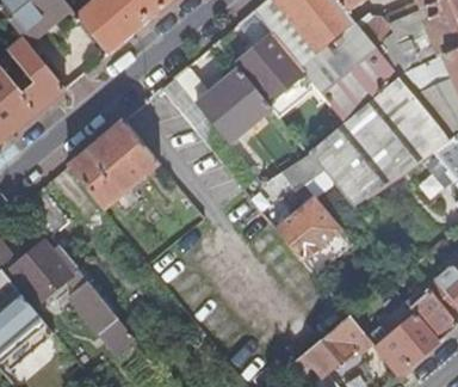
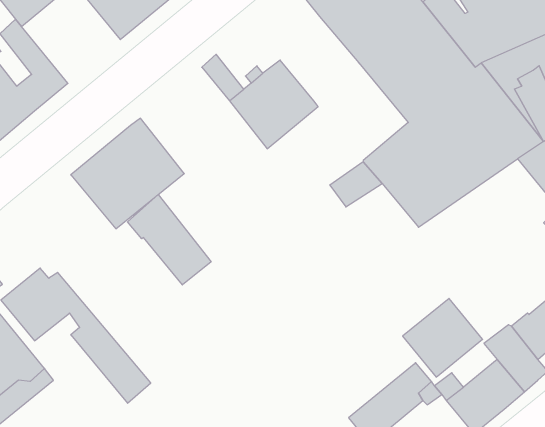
building: [235,35,304,104] -> none
building: none -> [128,194,211,285]
building: [276,197,341,262] -> [403,298,483,377]

